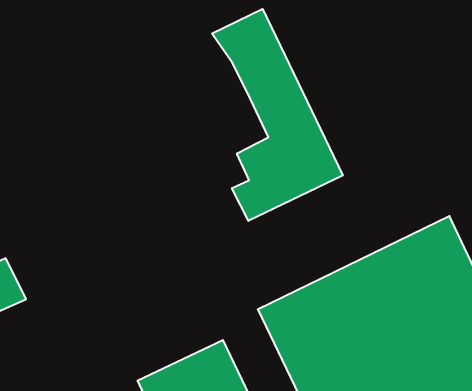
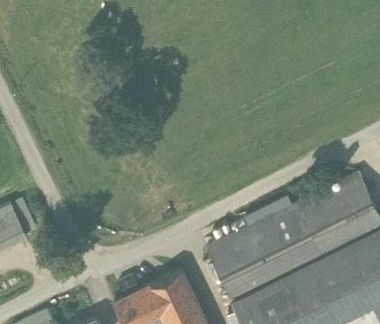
building: [212,9,343,221] -> none

